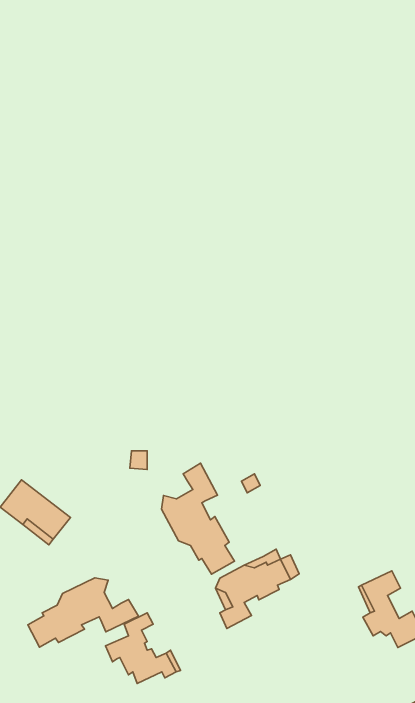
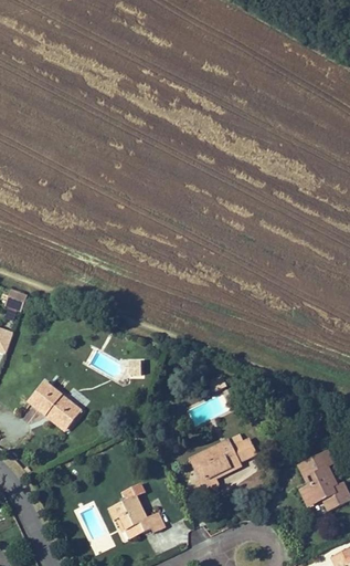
building: [162,463,235,574] -> none
building: [28,578,138,647] -> none

